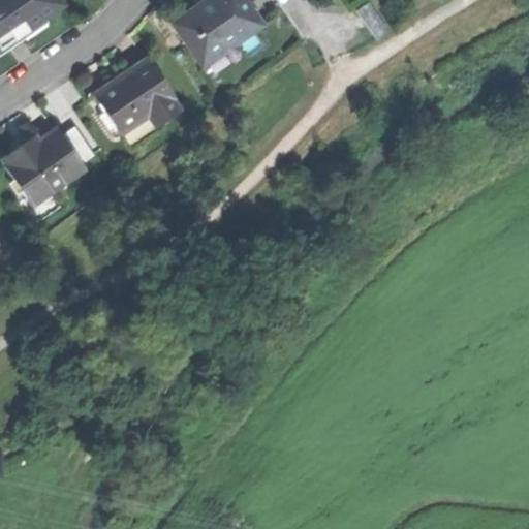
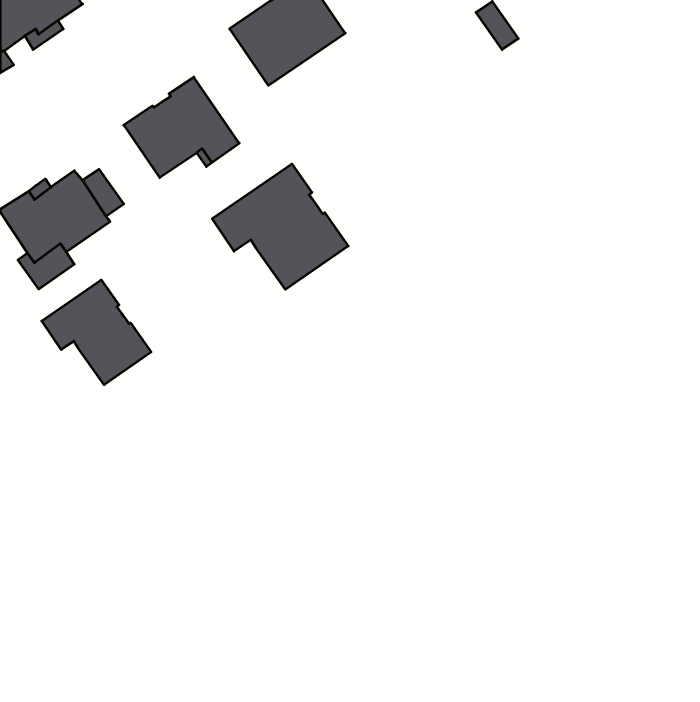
building: none -> [212,164,348,289]
building: none -> [42,280,151,385]

